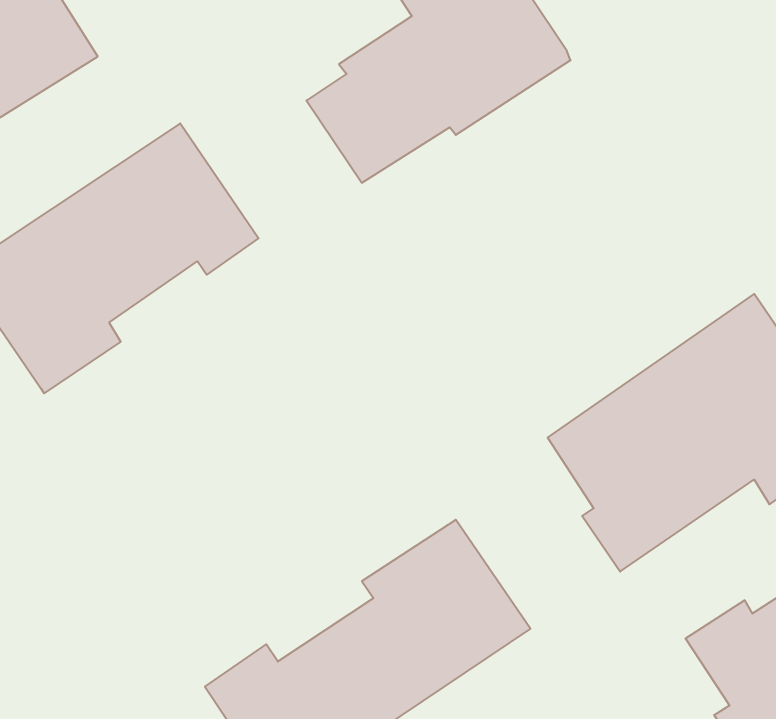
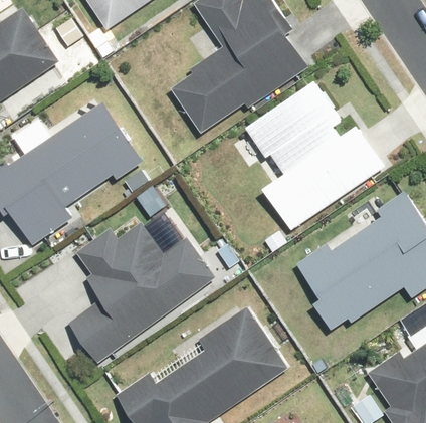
building: none -> [244,80,384,227]
building: none -> [67,220,217,363]

